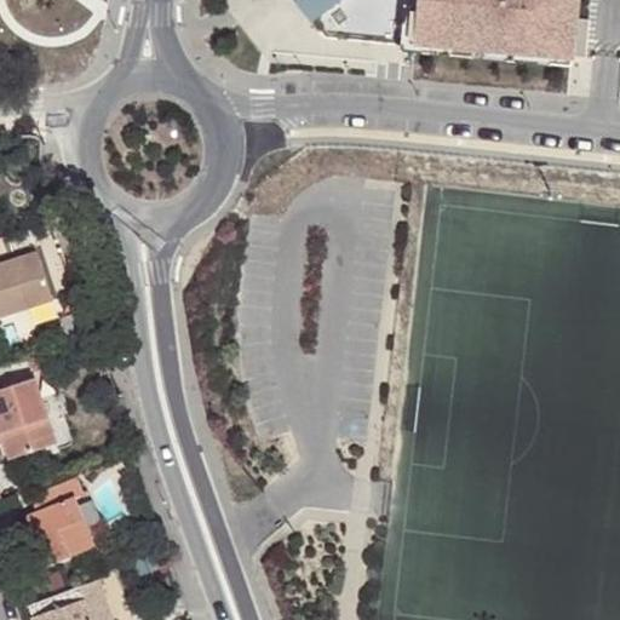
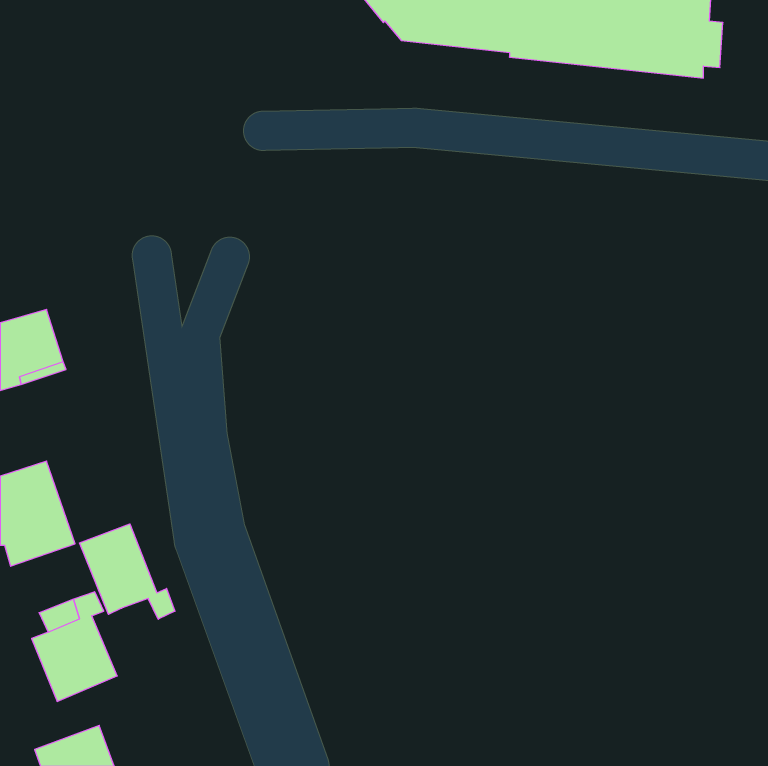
building: none -> [80,524,175,619]

